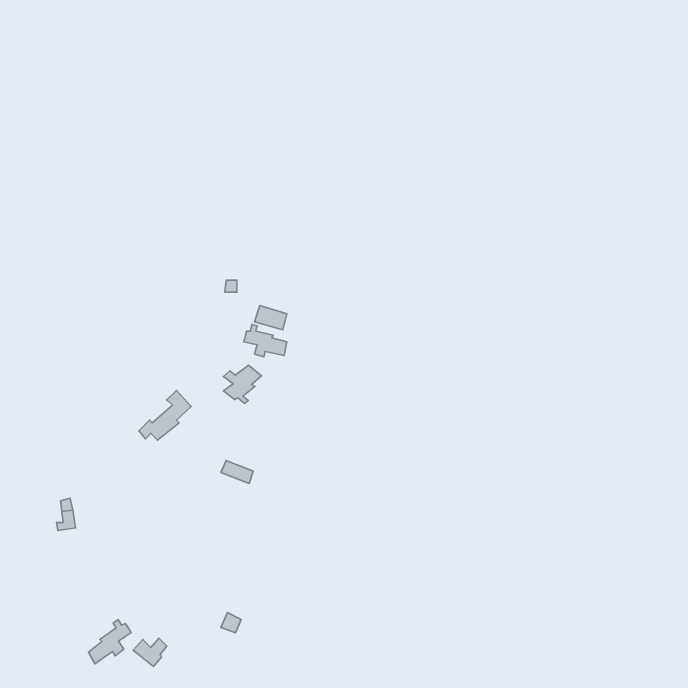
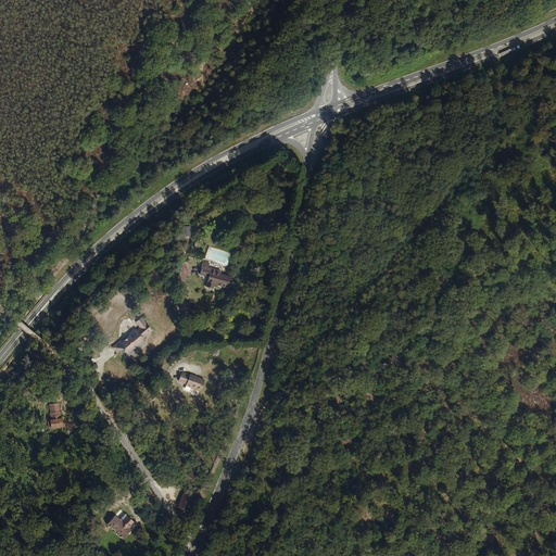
building: [224,365,261,403] -> none
building: [88,619,131,664] -> none

